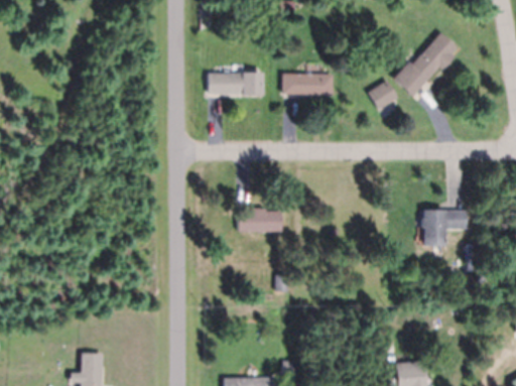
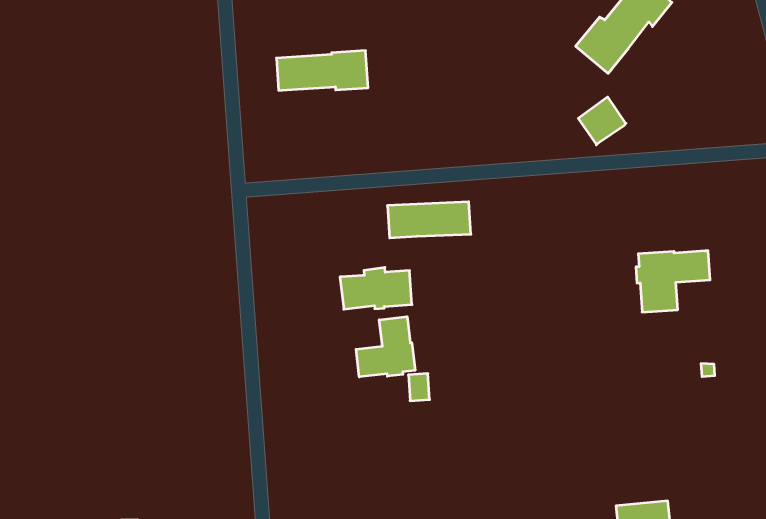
building: [282,74,333,95] -> [387,202,471,238]
building: [369,81,398,110] -> [578,97,626,145]
building: none -> [356,317,415,377]

